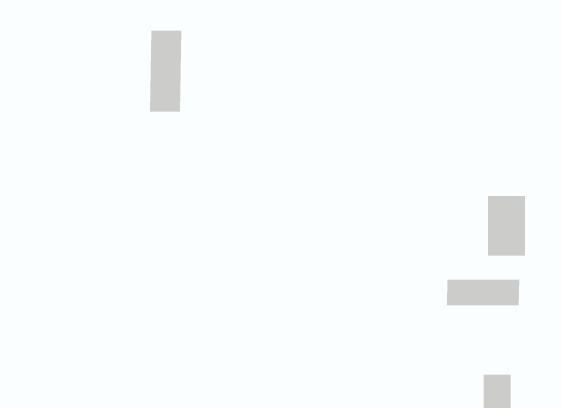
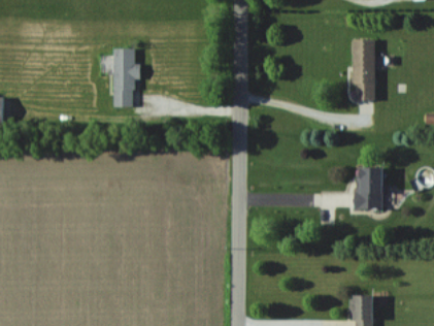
building: none -> [353,39,375,100]
building: [446,279,520,306] -> none

